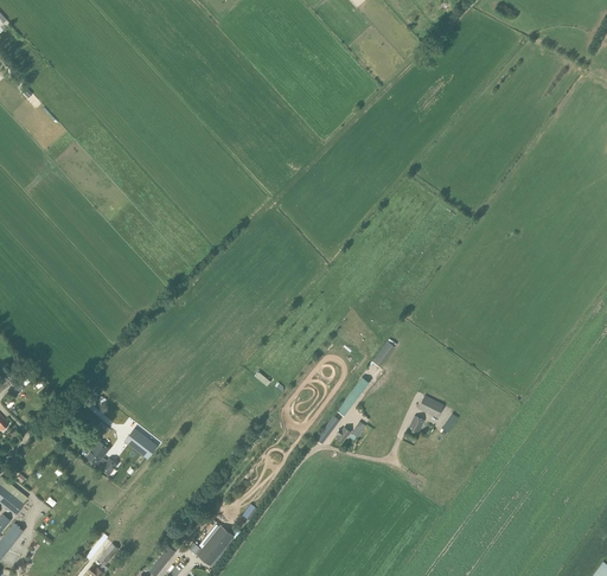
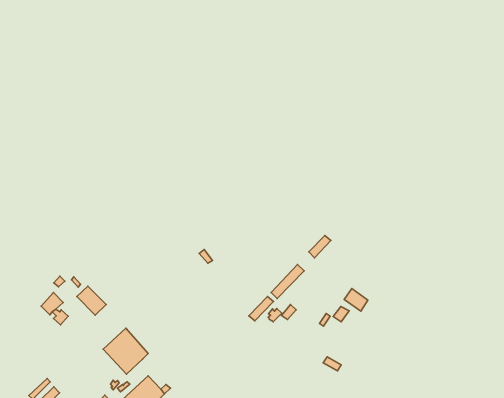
building: none -> [103,328,148,374]

